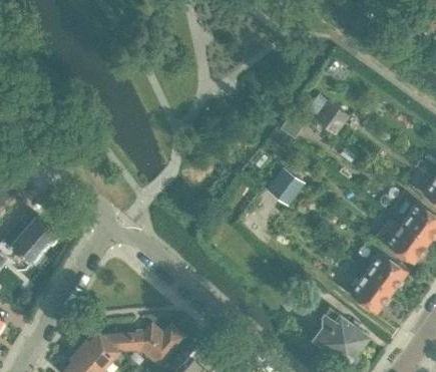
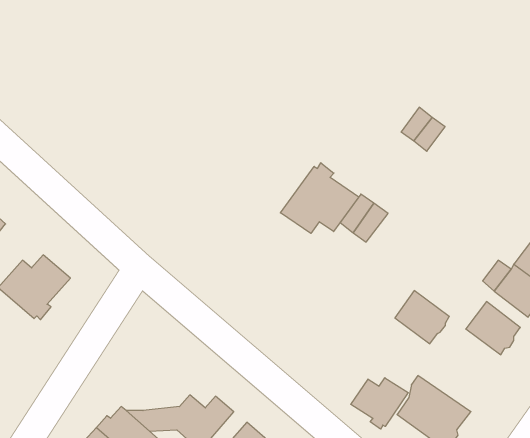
building: none -> [280,163,359,233]
building: [350,273,392,314] -> [395,291,449,344]
building: none -> [351,378,408,429]

